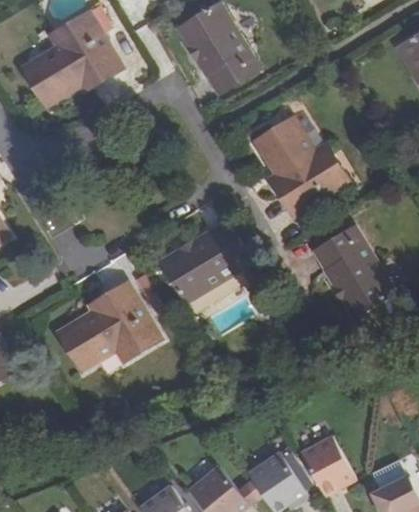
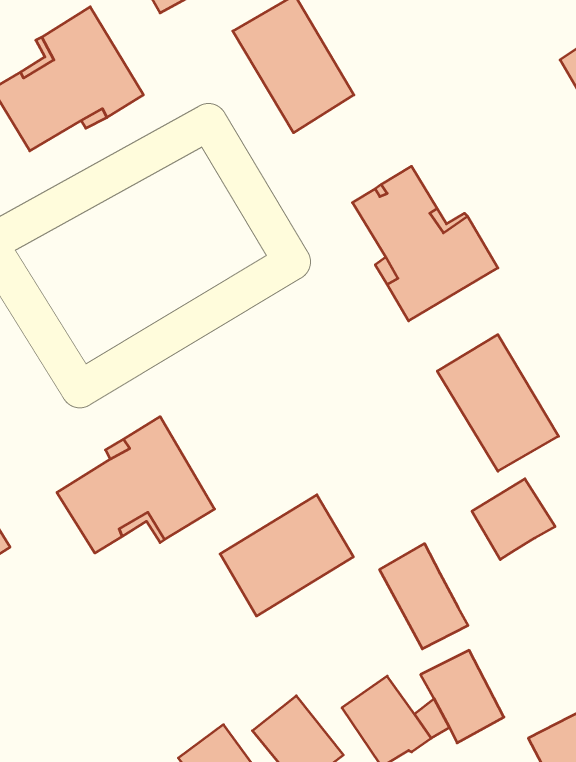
building: [164,220,252,300] -> [220,495,353,616]
building: none -> [472,479,555,560]
building: none -> [380,544,468,649]

